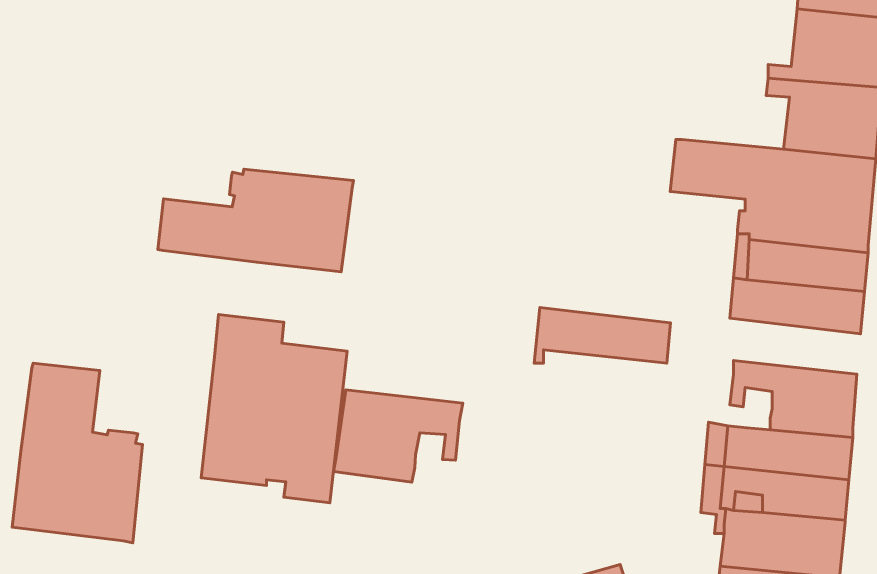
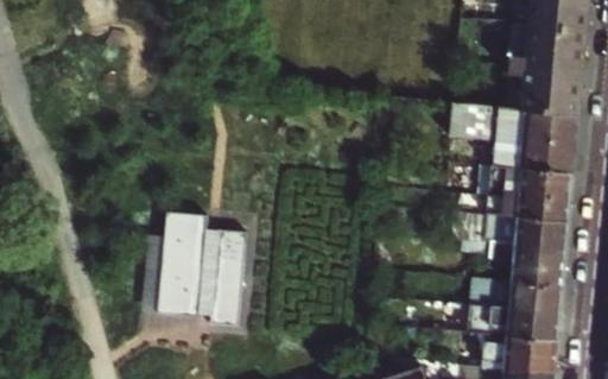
building: [158,169,354,272] -> none
building: [534,307,671,363] -> [484,215,569,249]
building: [12,363,143,543] -> none
building: [334,390,463,482] -> none

